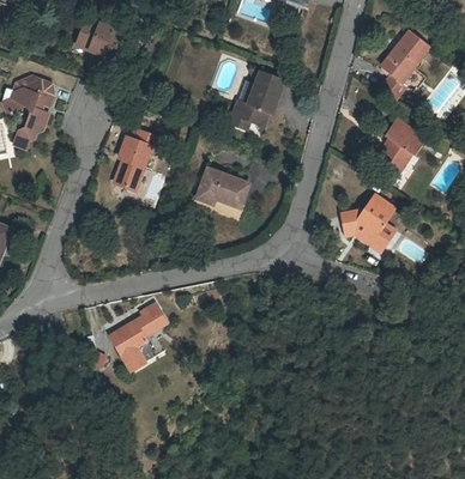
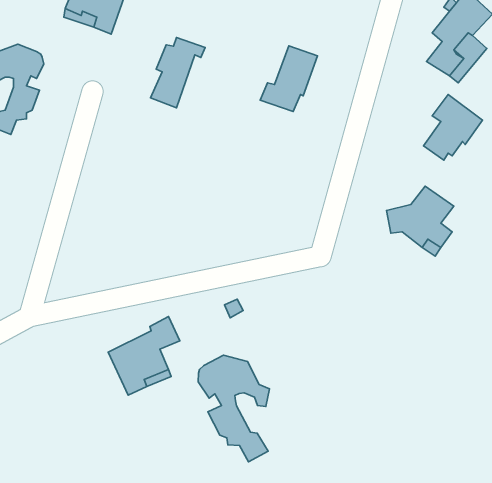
building: [114,131,159,189] -> [151,38,205,108]
building: [195,168,249,206] -> none
building: none -> [198,355,270,462]

